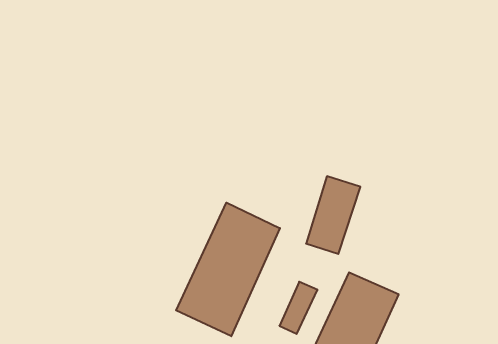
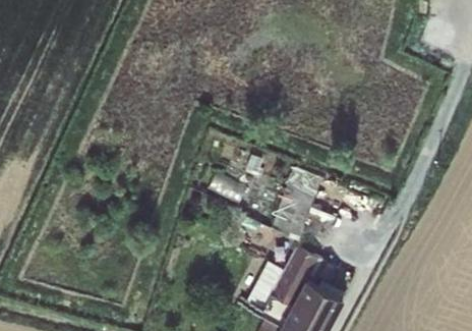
building: [176,203,280,336] -> none

